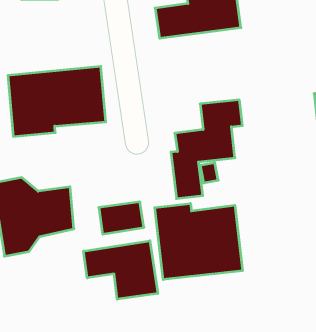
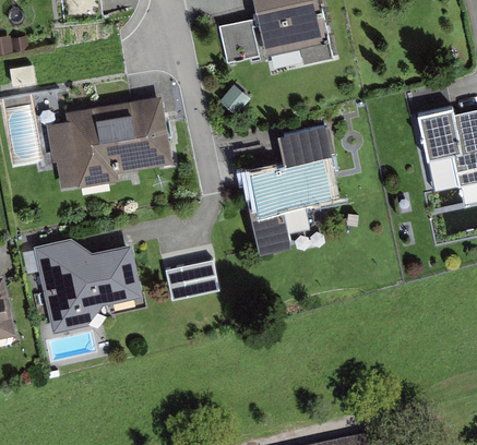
building: [155,203,242,280] -> none
building: [84,241,158,299] -> none

